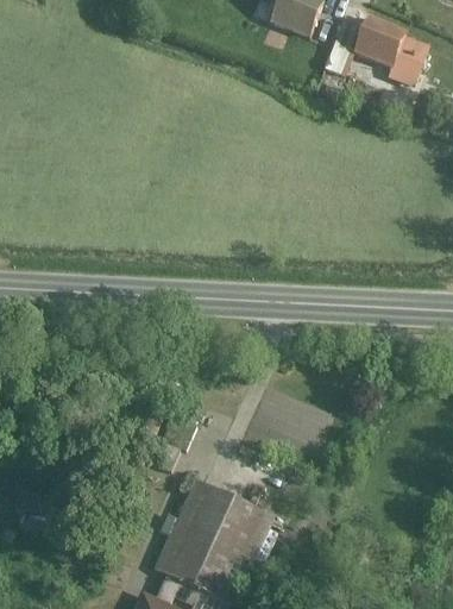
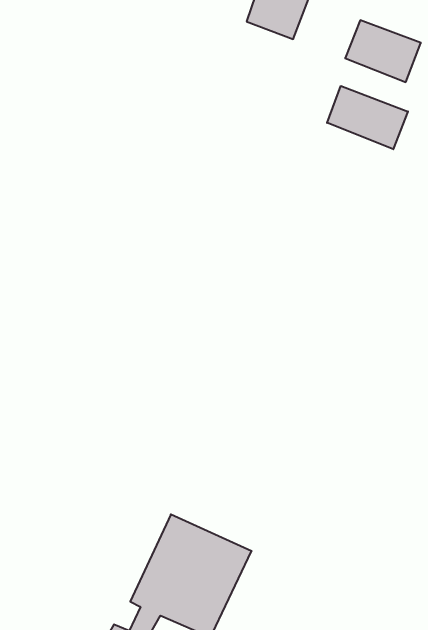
building: none -> [327,86,408,149]

